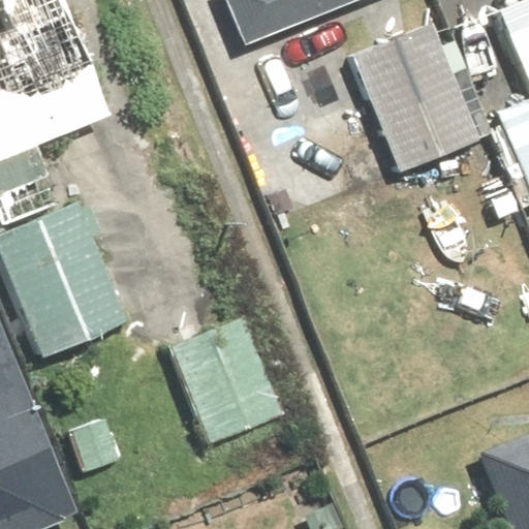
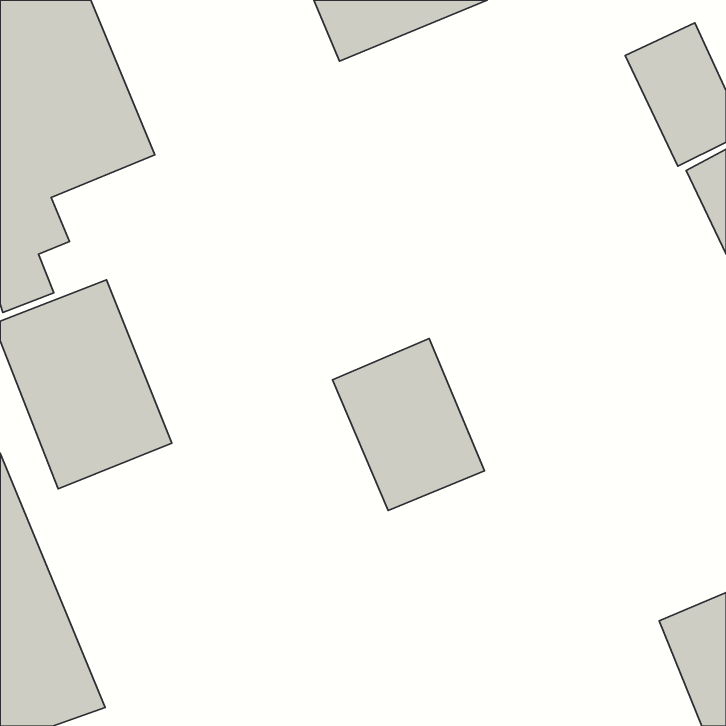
building: [349,21,479,174] -> none
building: [170,320,281,445] -> [333,339,485,511]

